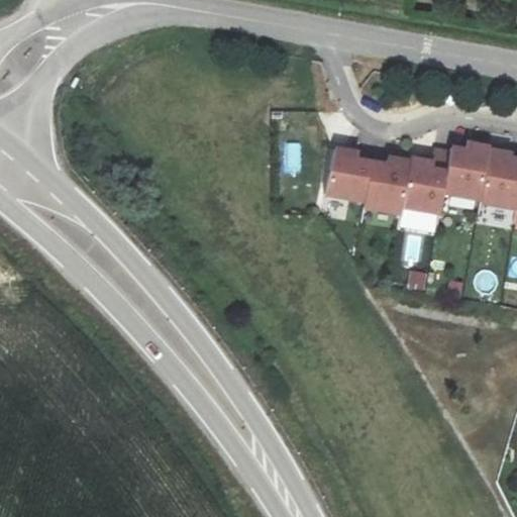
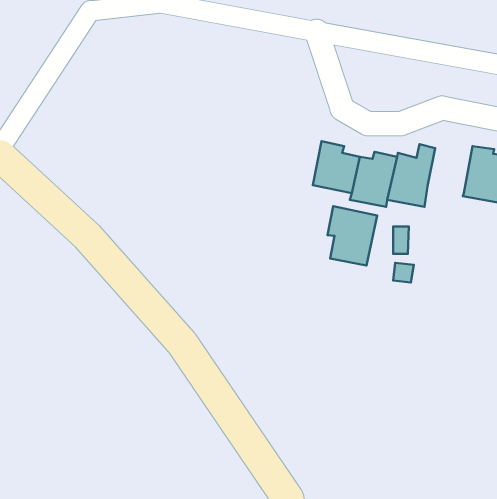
building: [444,143,492,199] -> none
building: none -> [327,206,377,266]

